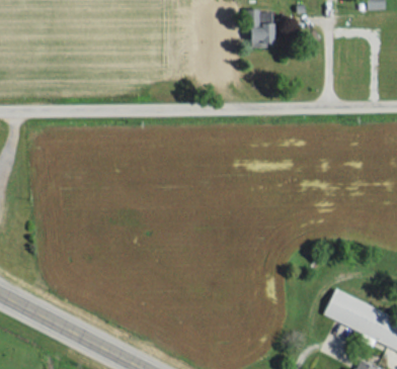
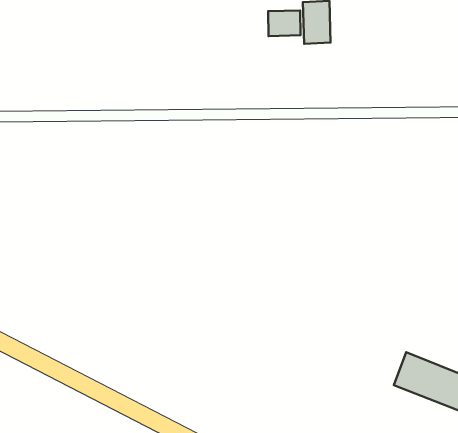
building: none -> [268,10,301,36]

